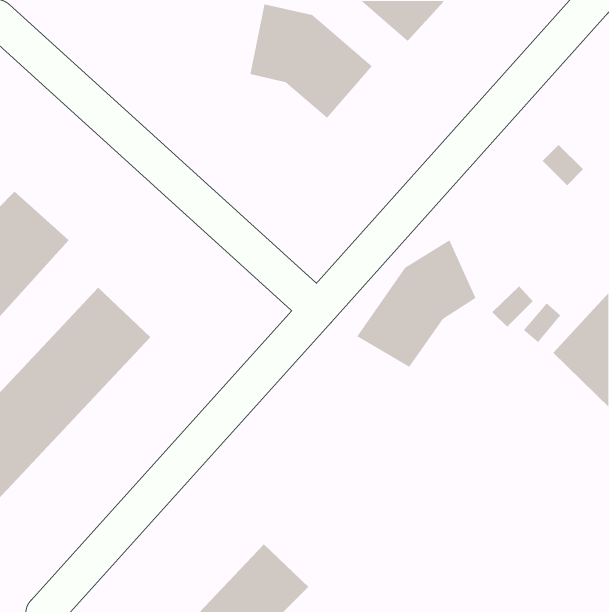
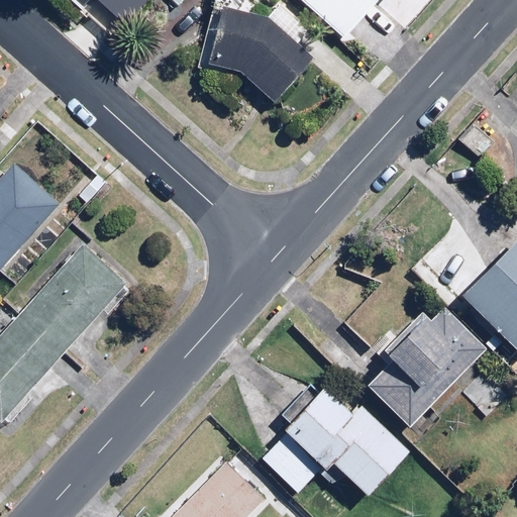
building: [356,239,476,368] -> none
building: none -> [368,307,487,427]
building: none -> [262,381,404,498]

